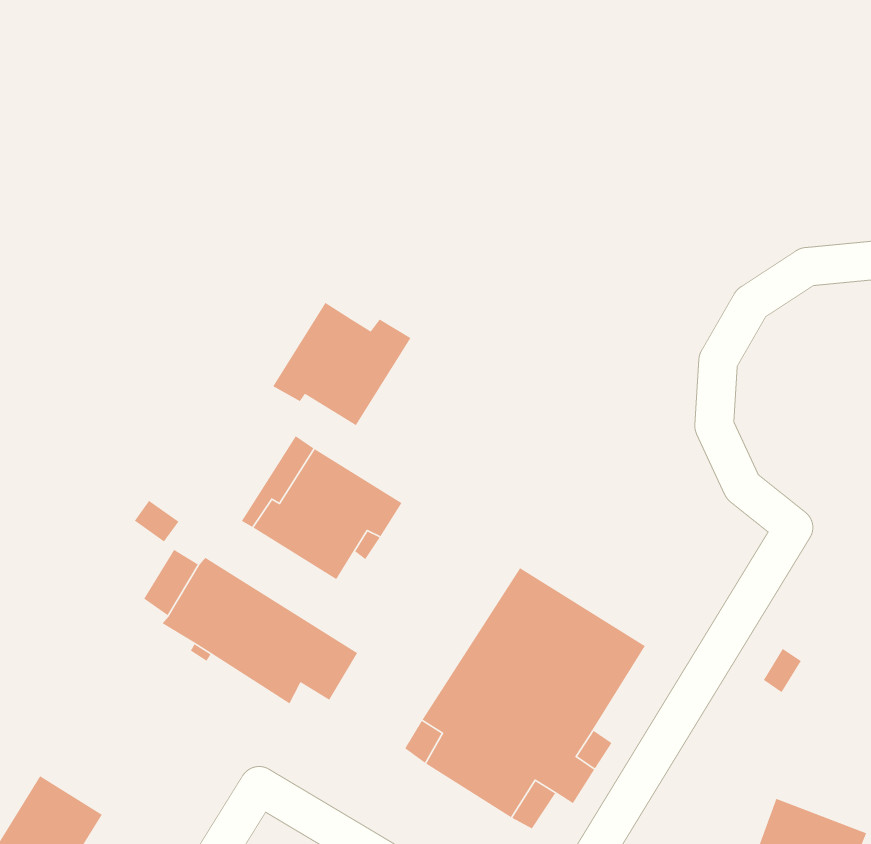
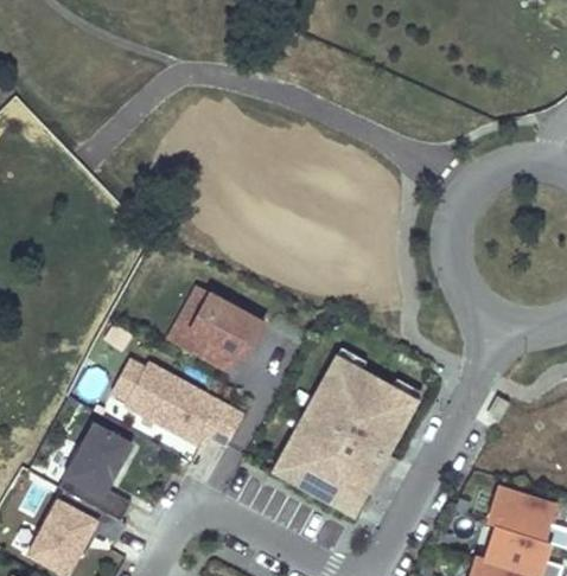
building: [272,302,412,426] -> none
building: none -> [53,418,128,517]

